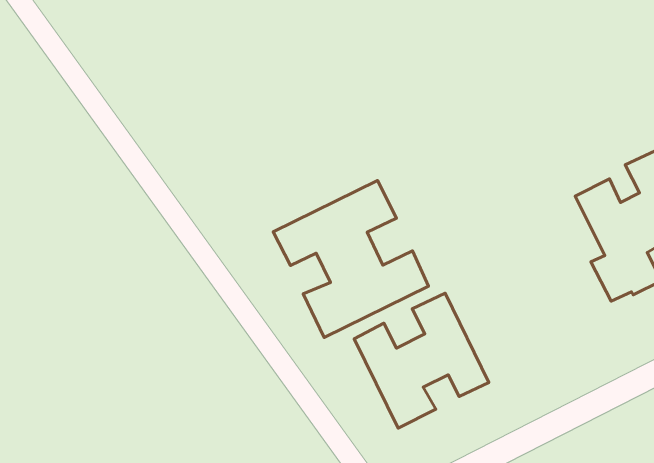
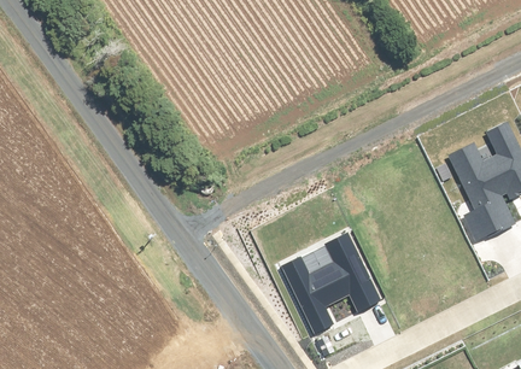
building: [273,181,429,337] -> none

